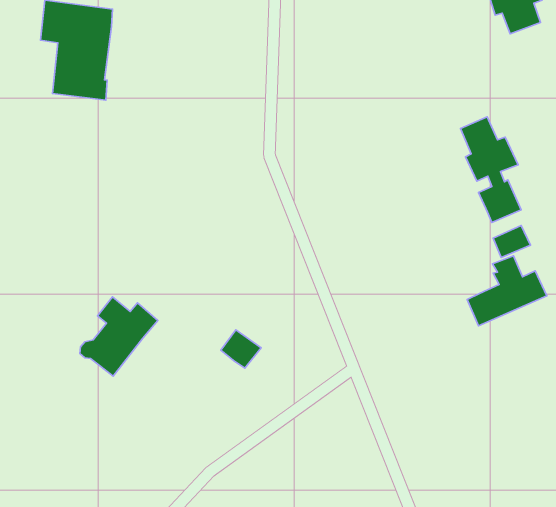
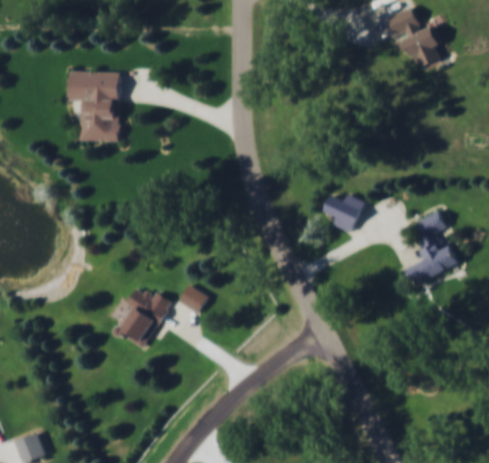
building: [460,117,521,222] -> none
building: none -> [325,192,367,232]
building: [221,330,261,368] -> [178,285,208,313]

